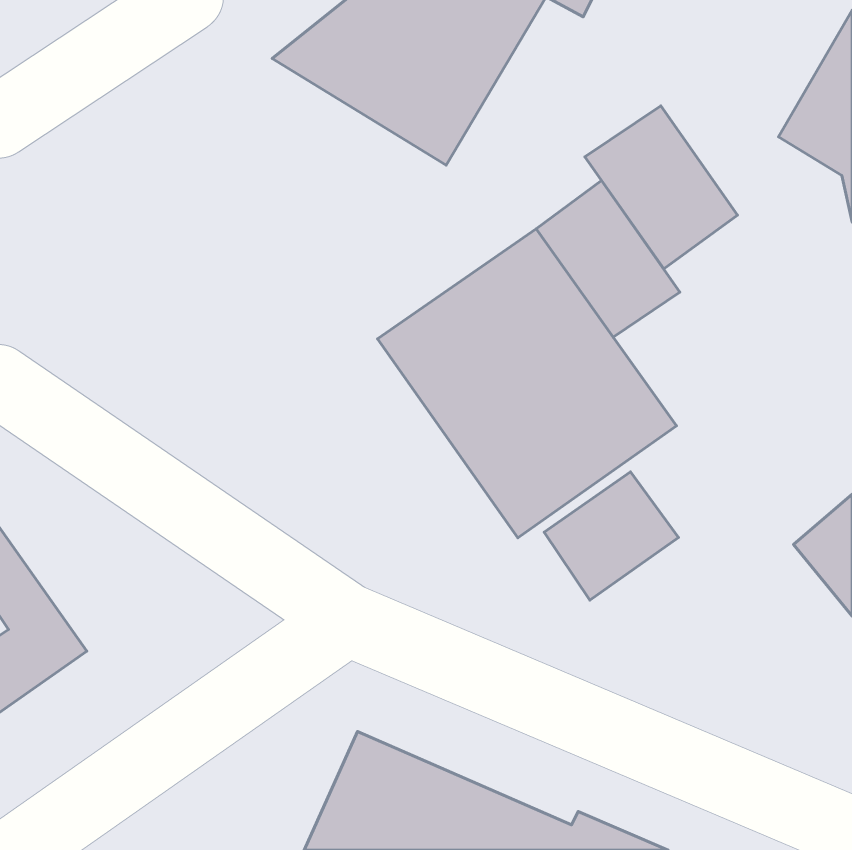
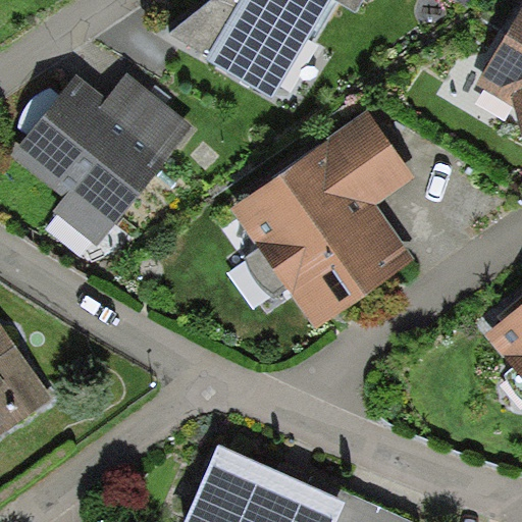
building: [585,106,738,269] -> none
building: none -> [10,74,194,245]
building: [544,472,678,600] -> none

